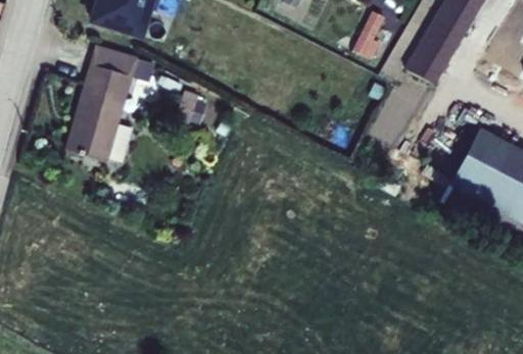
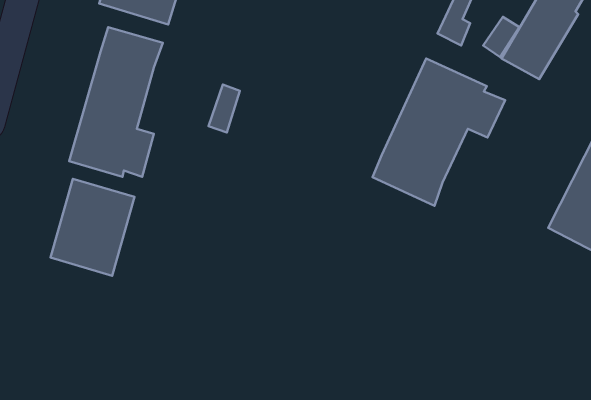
building: none -> [372,58,505,206]
building: none -> [50,179,135,276]

